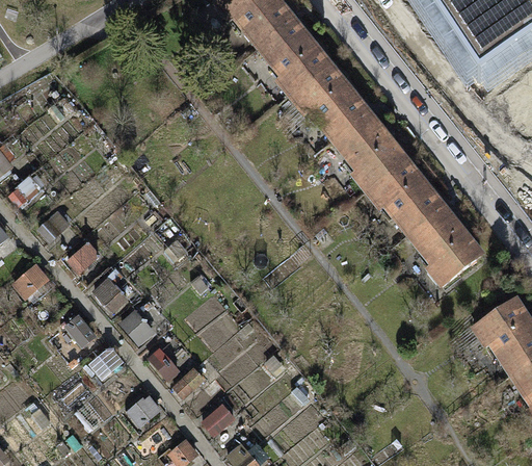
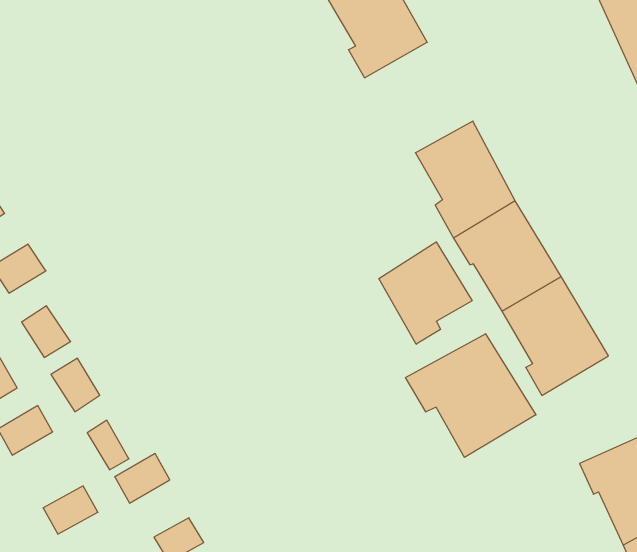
building: [291,64,367,138] -> none
building: none -> [379,242,472,344]
building: none -> [406,334,536,457]

